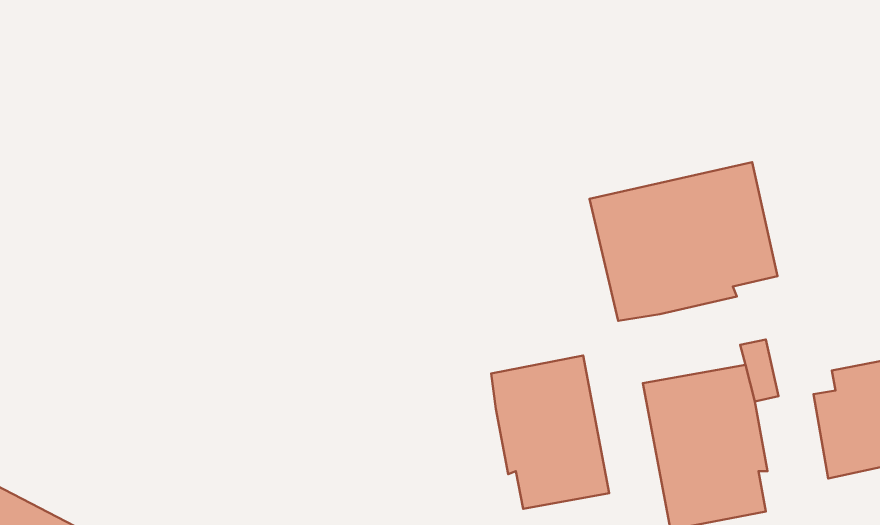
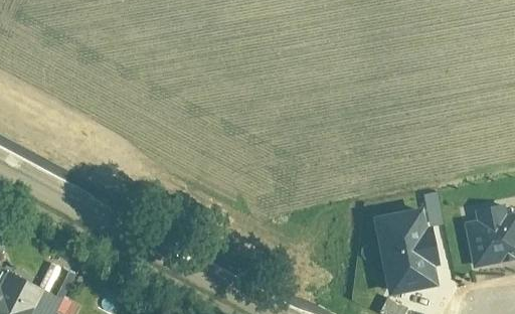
building: [590,162,777,321] -> none
building: [491,356,609,509] -> none

